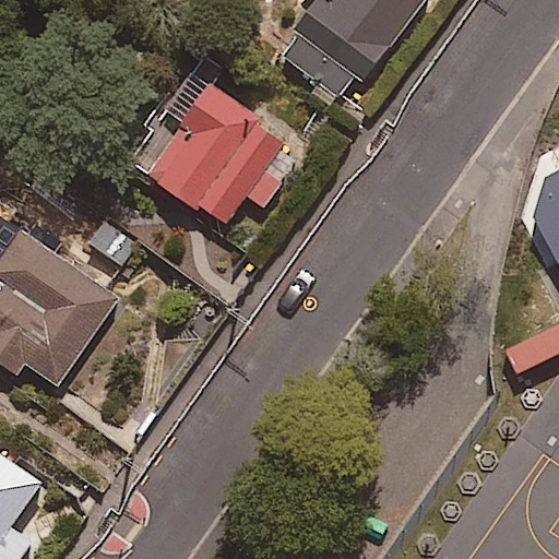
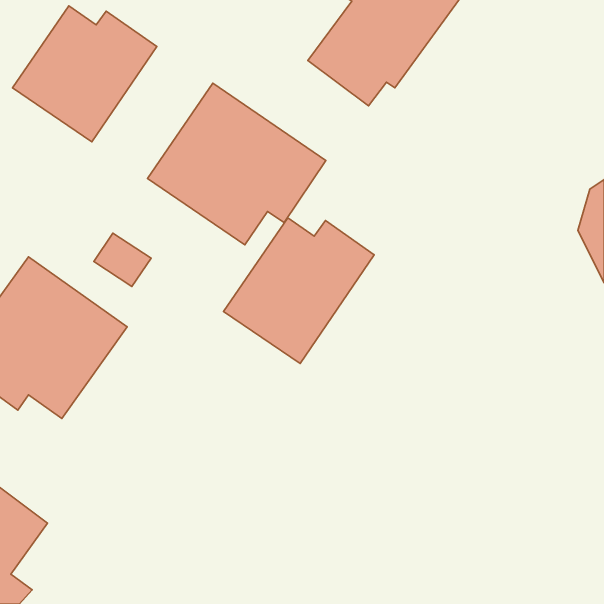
building: none -> [13,6,157,142]
building: none -> [224,218,374,363]

